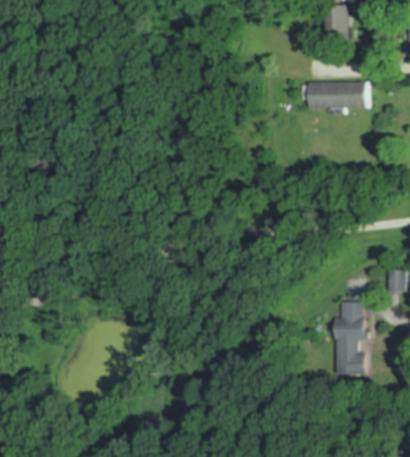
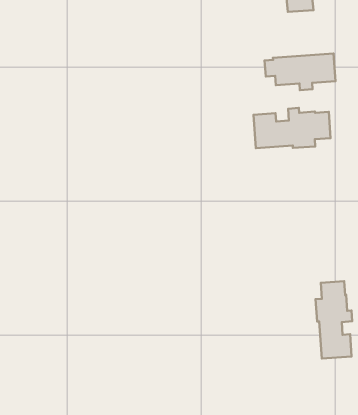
building: none -> [253,108,331,148]

